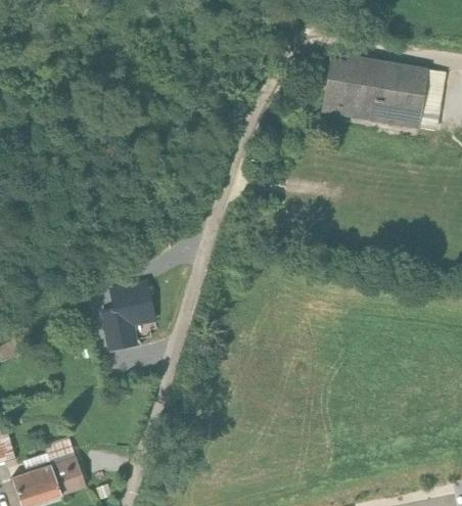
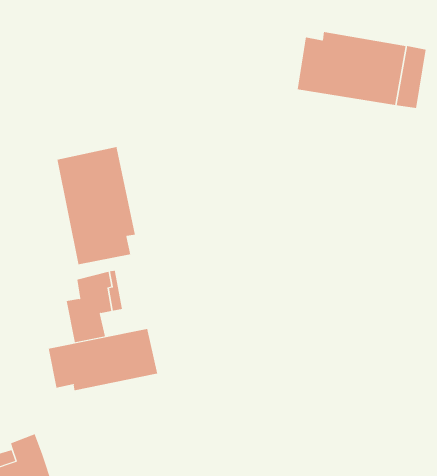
building: none -> [57,146,135,265]
building: none -> [48,328,158,391]

